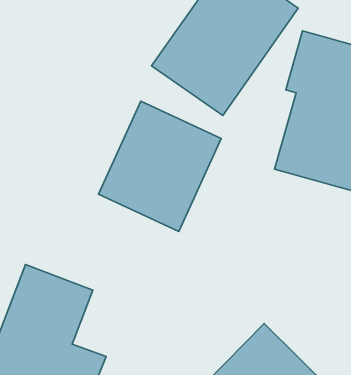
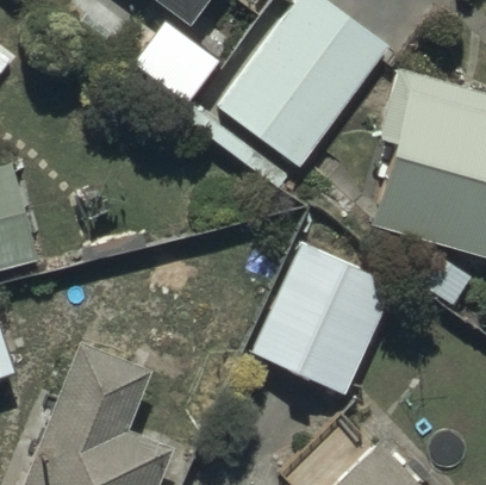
building: [98,101,221,232] -> [251,244,393,394]

